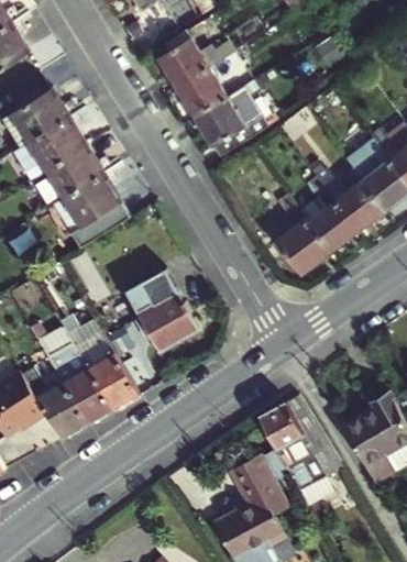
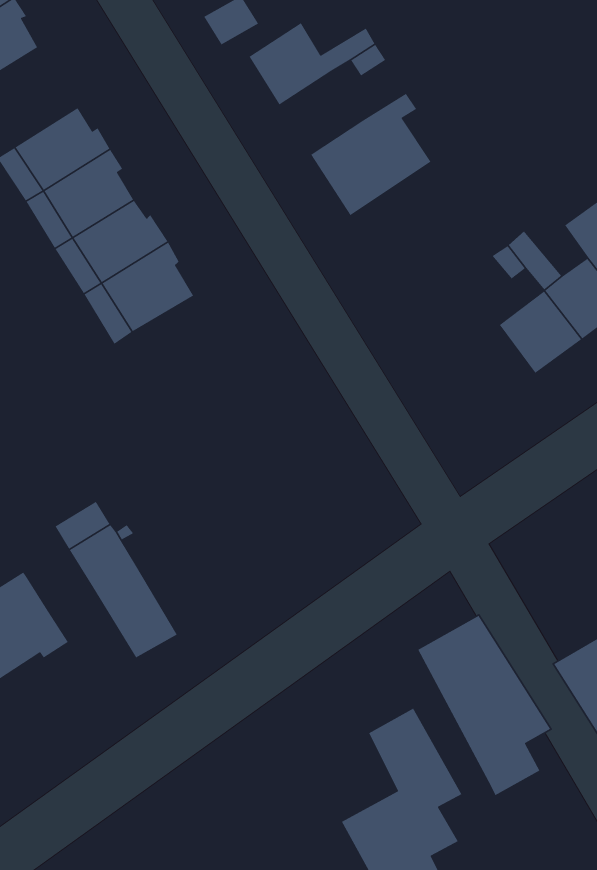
building: [175,67,226,118] -> none
building: [275,192,330,273] -> none
building: [124,269,201,352] -> none
building: [88,352,139,409] -> none
building: [22,366,88,438] -> none

